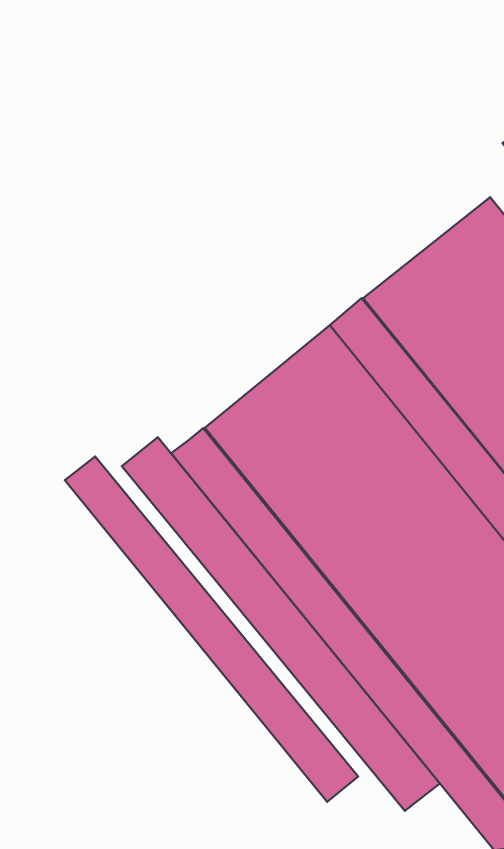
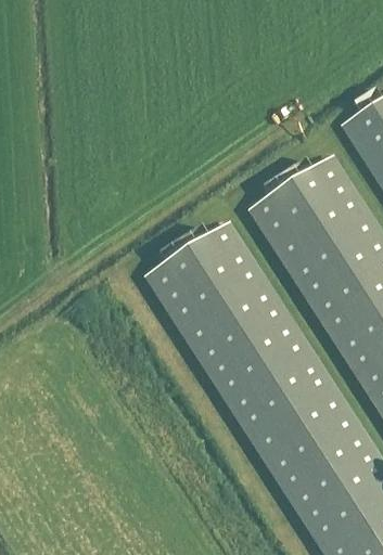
building: [122,437,440,811] -> none
building: [65,456,358,802] -> none

